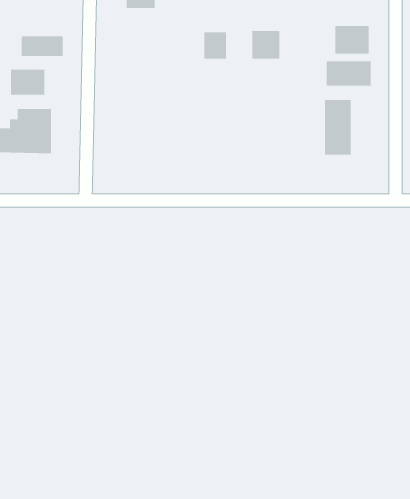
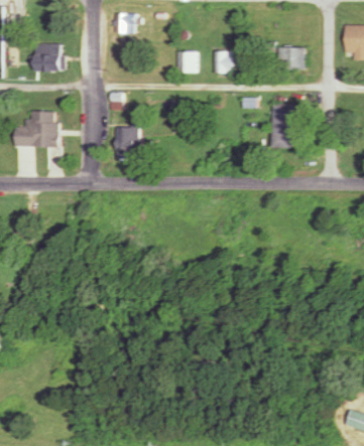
building: [326,60,371,86] -> none
building: [10,69,45,96] -> none
building: none -> [114,126,138,158]

